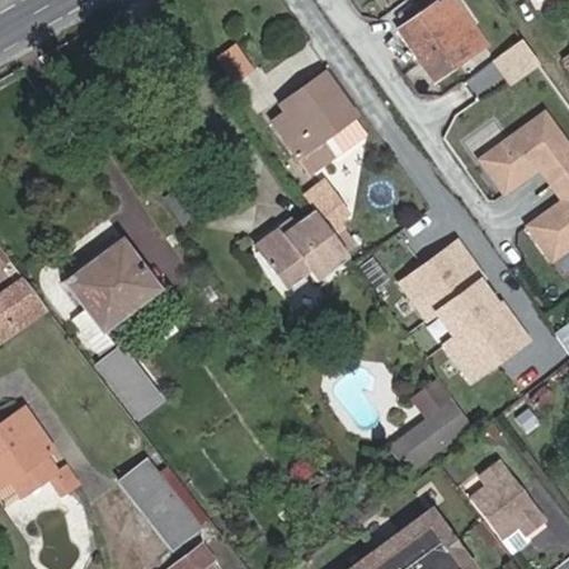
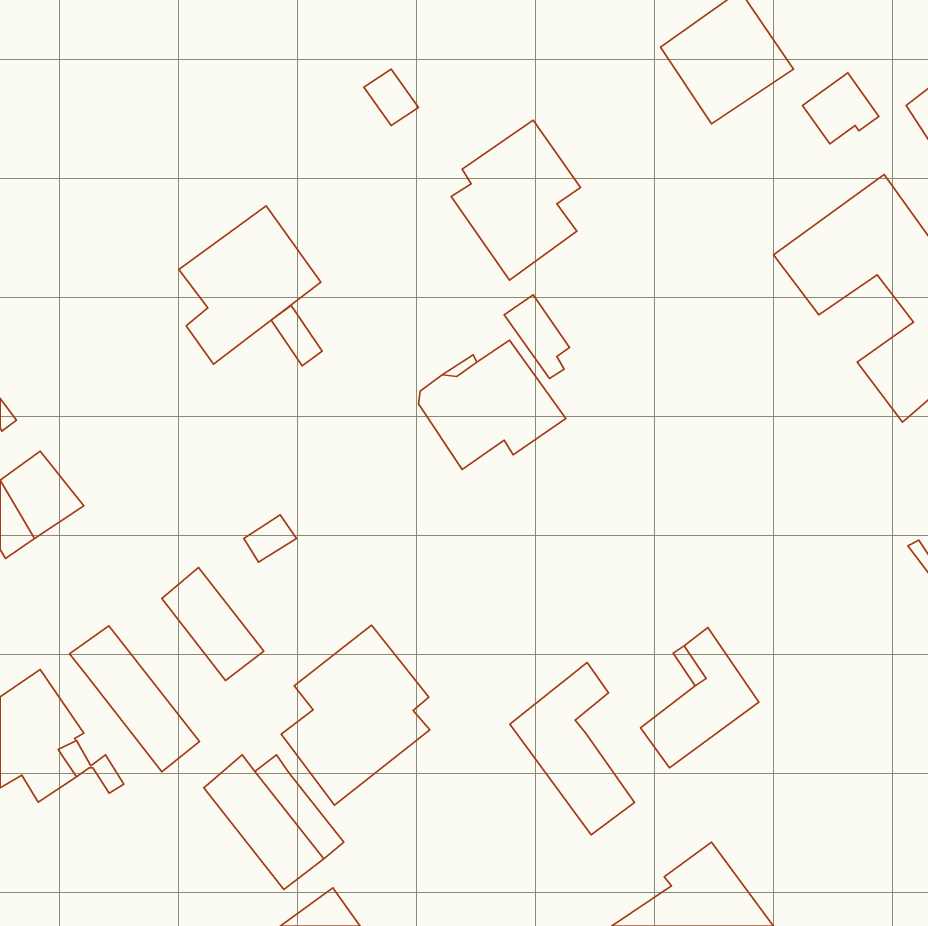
building: [70,241,157,338] -> [179,206,321,364]
building: [398,243,526,382] -> none
building: none -> [281,625,430,805]
building: none -> [70,626,200,772]
building: none -> [510,663,635,835]
building: [471,460,547,549] -> none

